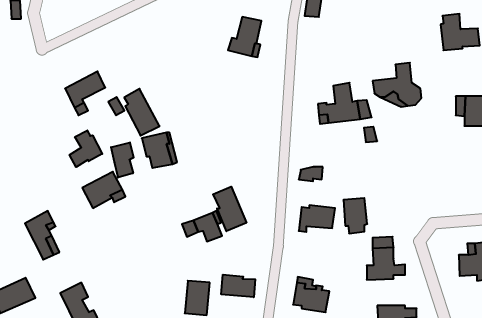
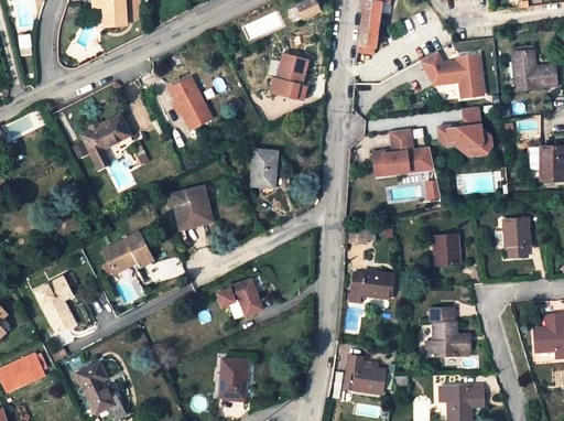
building: none -> [422,51,485,96]
building: [124,89,160,136] -> [170,76,210,130]
building: none -> [250,149,276,187]
building: [70,130,102,167] -> none
building: [111,142,134,178] -> none
building: none -> [505,216,531,258]
building: [213,187,246,231] -> none
building: [343,198,367,233] -> [434,234,462,274]
building: [221,275,255,297] -> none

